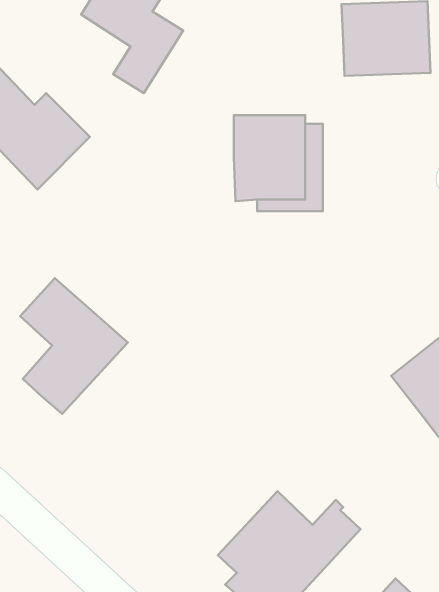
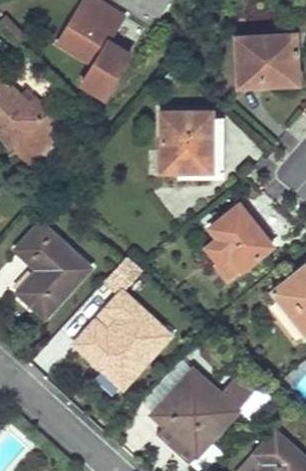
building: none -> [207,204,272,282]
building: none -> [74,261,169,388]

